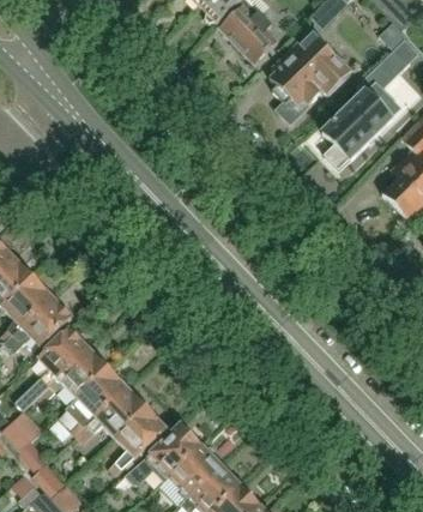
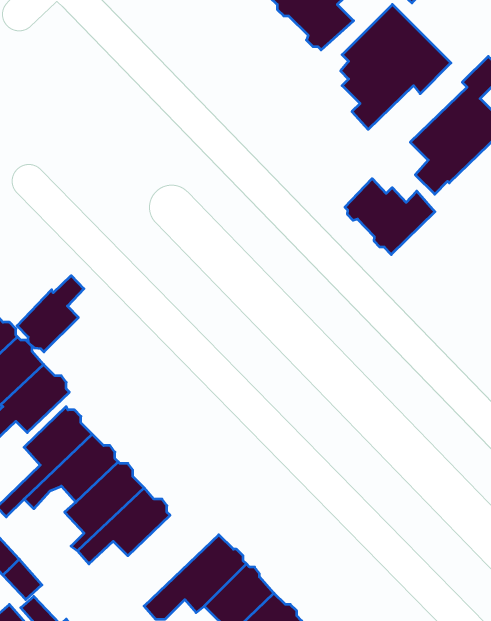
building: none -> [345,179,435,255]
building: none -> [17,276,84,352]
building: [108,406,164,472] -> none

